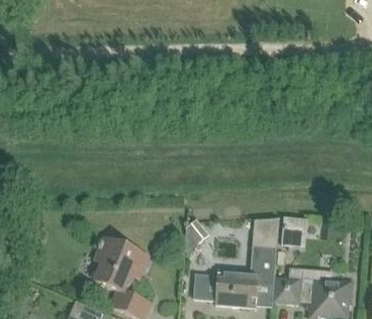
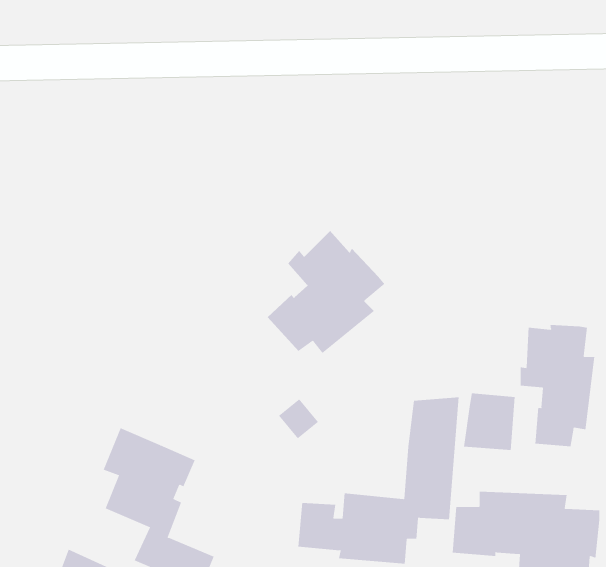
building: none -> [267,230,385,354]
building: none -> [520,324,595,447]

